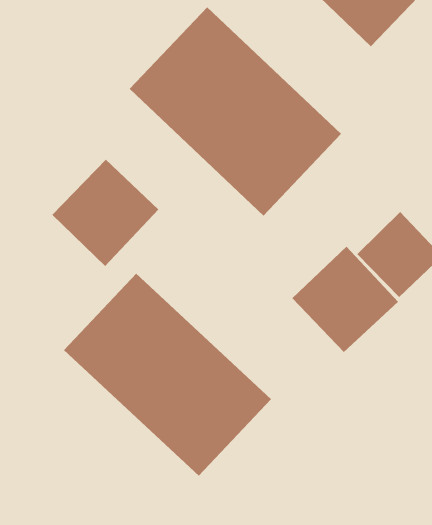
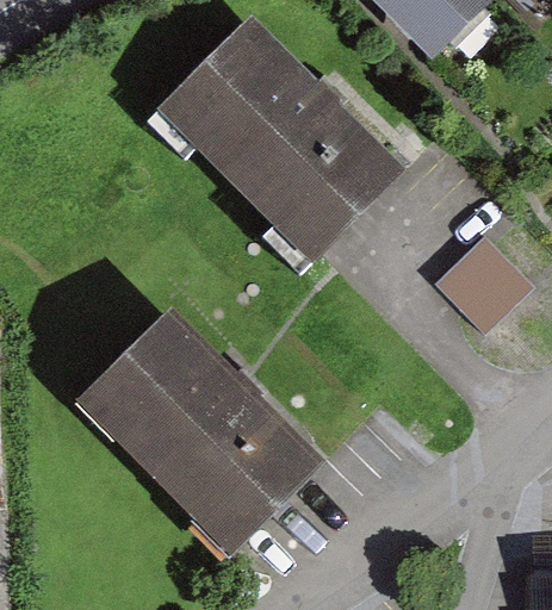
building: [52,159,159,267] -> none
building: [292,246,399,353] -> none

